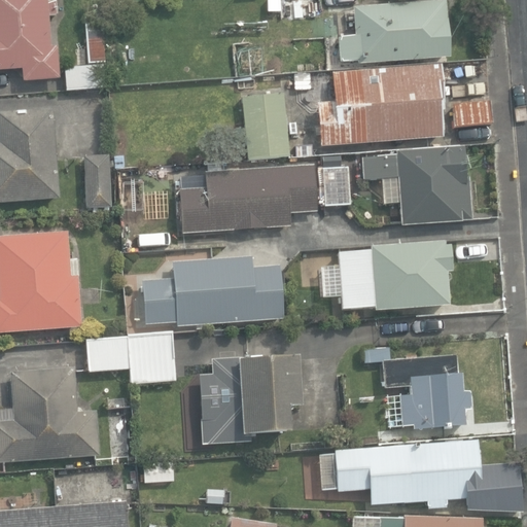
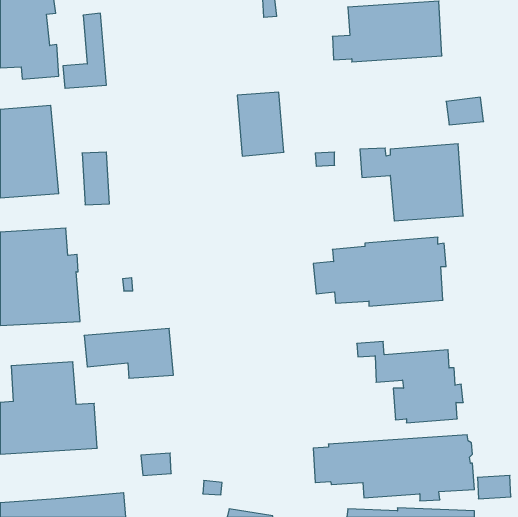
building: [317,65,444,145] -> none
building: [179,165,318,232] -> none
building: [142,255,283,326] -> none
building: [198,358,298,445] -> none

